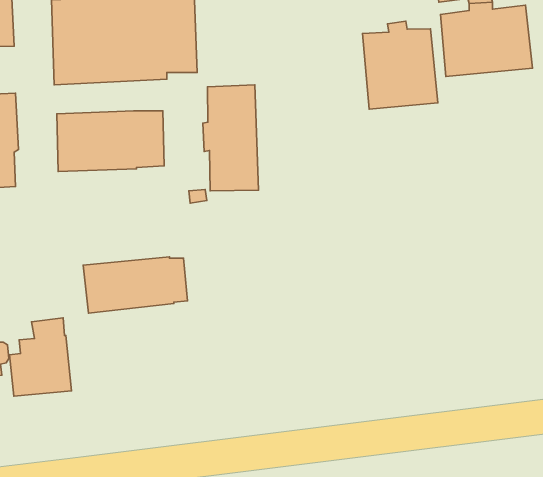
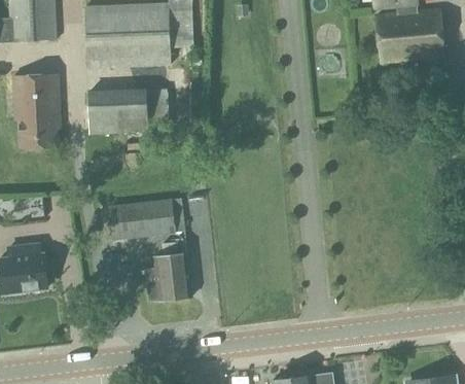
building: [363,21,438,109] -> none
building: [203,85,259,191] -> none
building: [10,318,71,396] -> [146,240,192,299]

